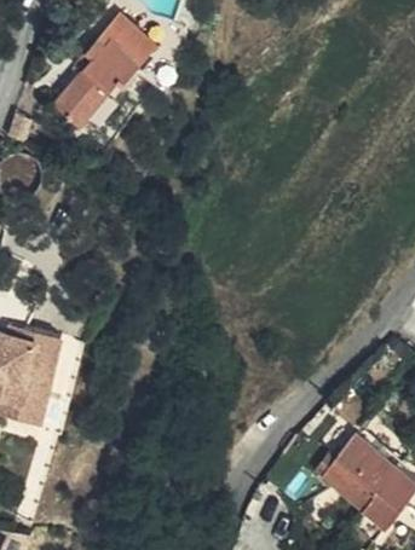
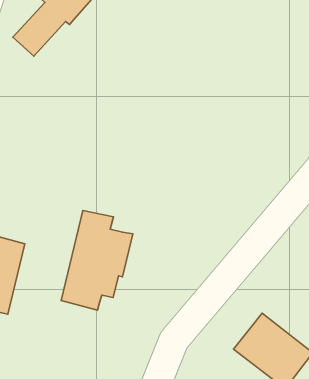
building: none -> [61,210,133,310]

